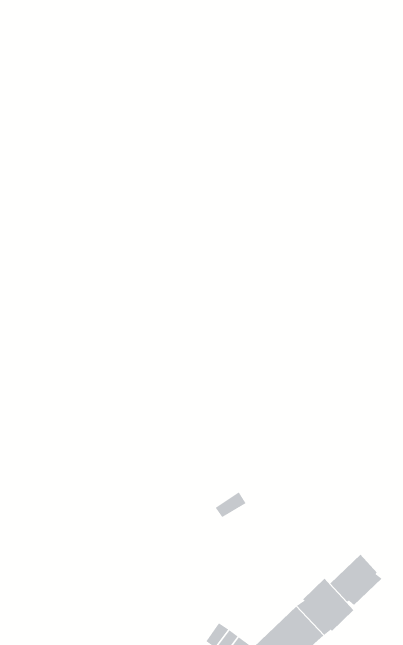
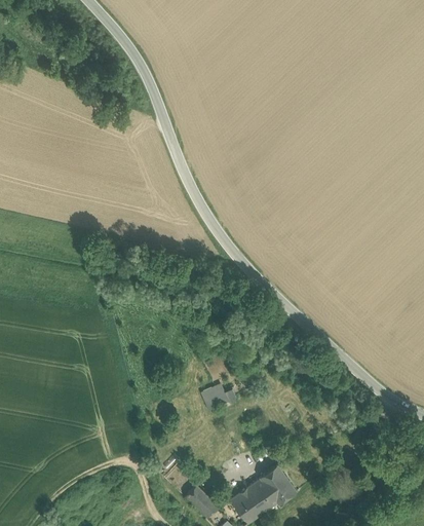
building: [330,554,383,606] -> none

